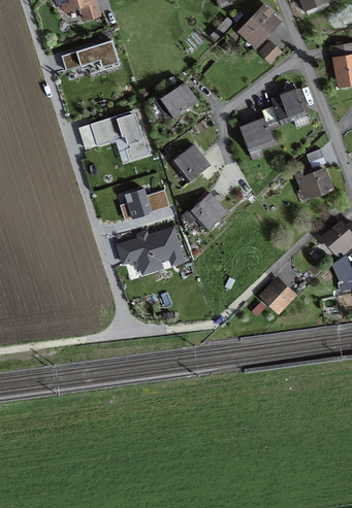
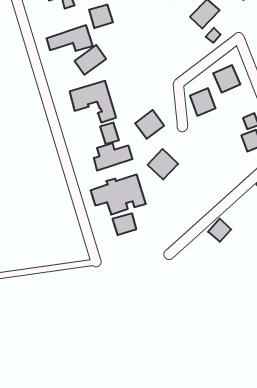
building: none -> [89,4,113,28]
building: [157,82,196,120] -> [75,45,106,75]
building: none -> [100,122,119,144]
building: none -> [113,213,136,235]

